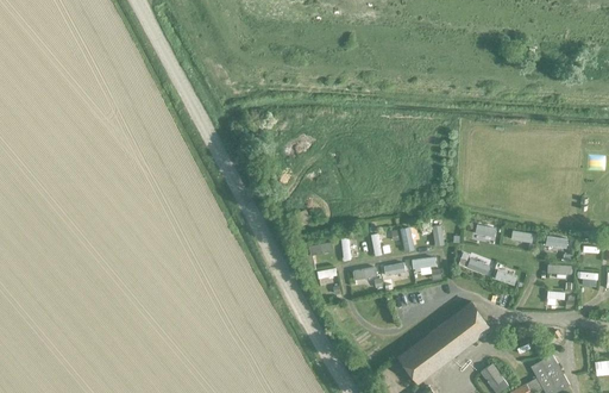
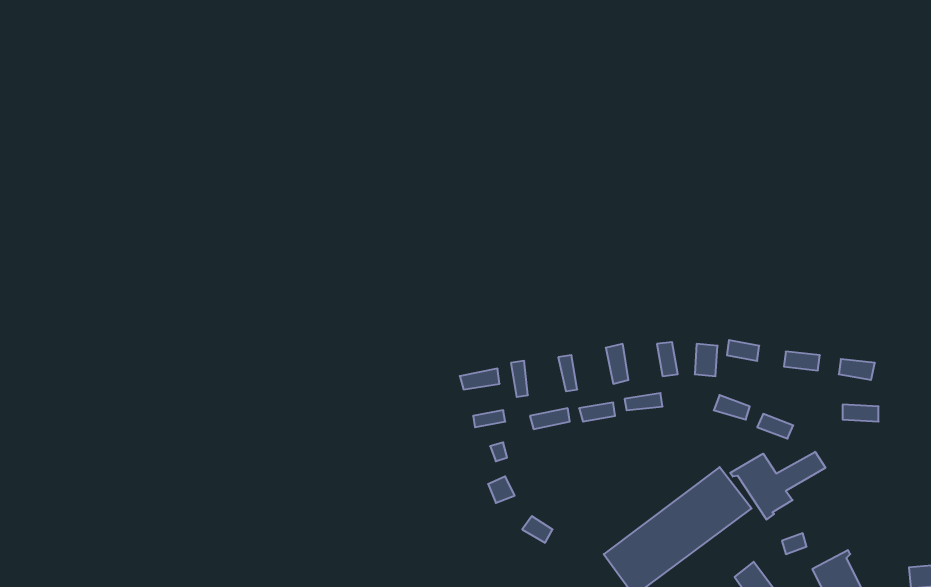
building: none -> [730,452,825,520]

